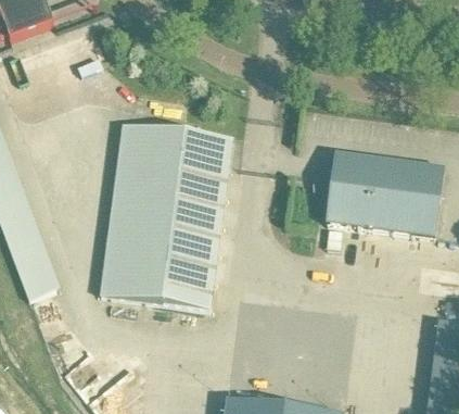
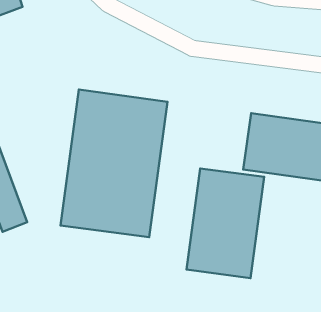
building: none -> [186,168,264,278]

